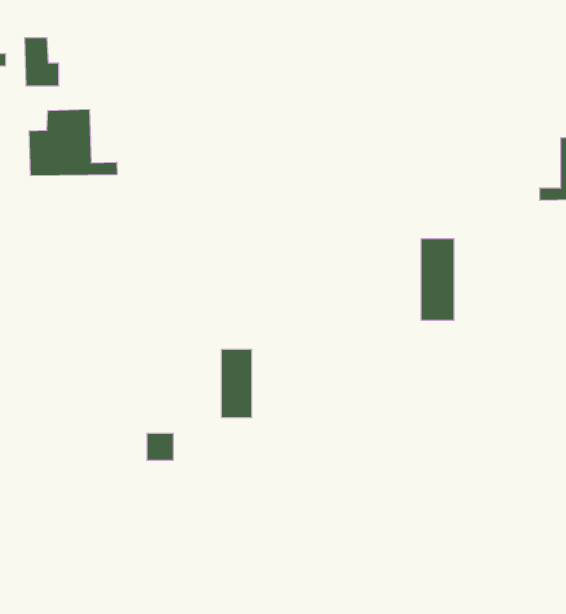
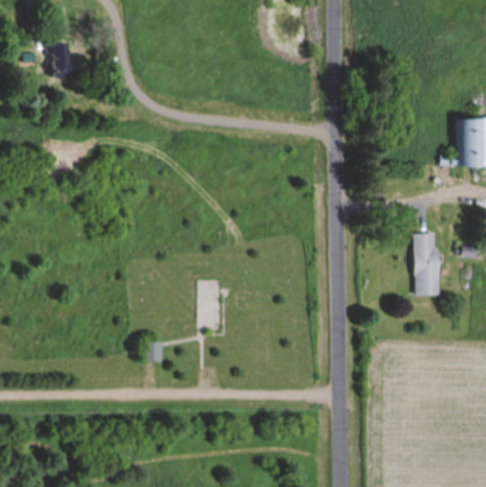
building: [29,109,117,176] -> none
building: [421,239,454,320] -> [415,233,440,295]

